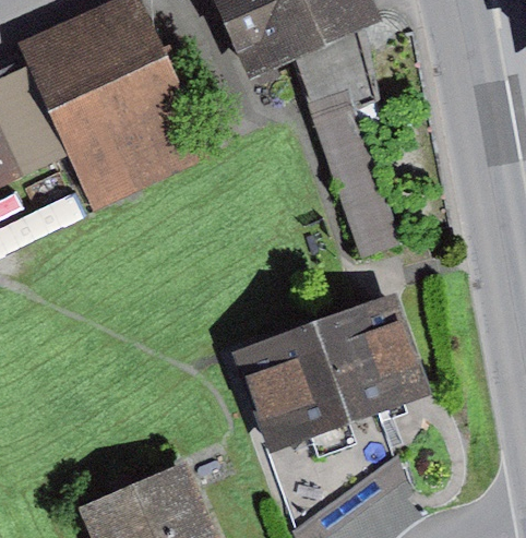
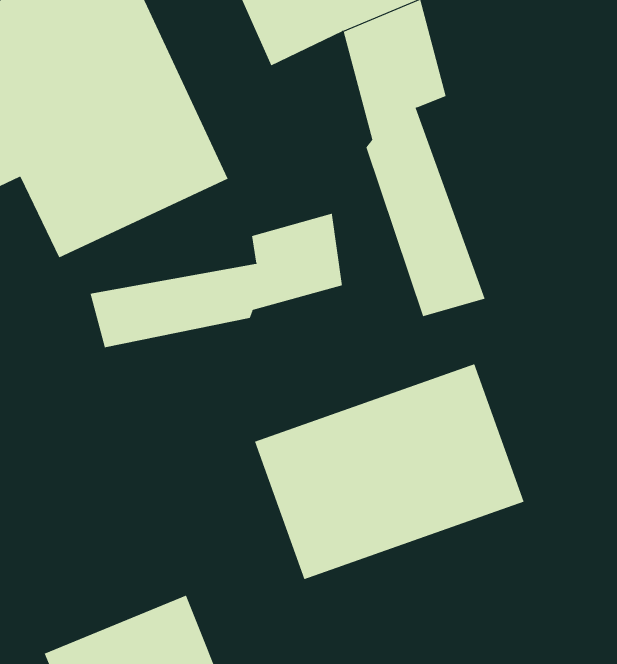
building: none -> [90,213,343,348]

